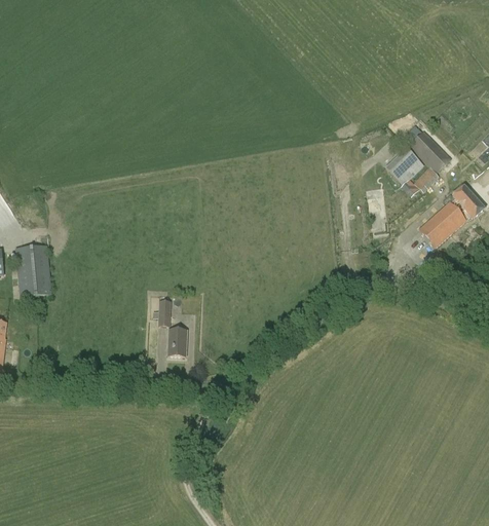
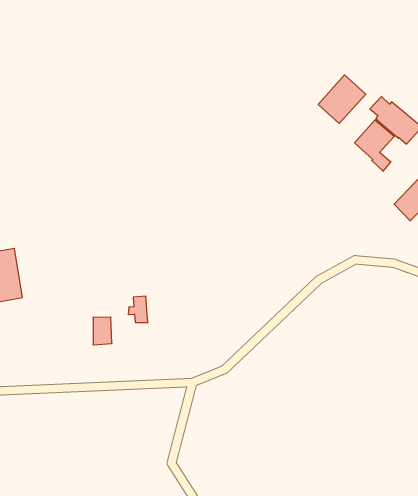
building: none -> [318,75,366,123]
building: [168,328,188,354] -> [93,317,112,345]

